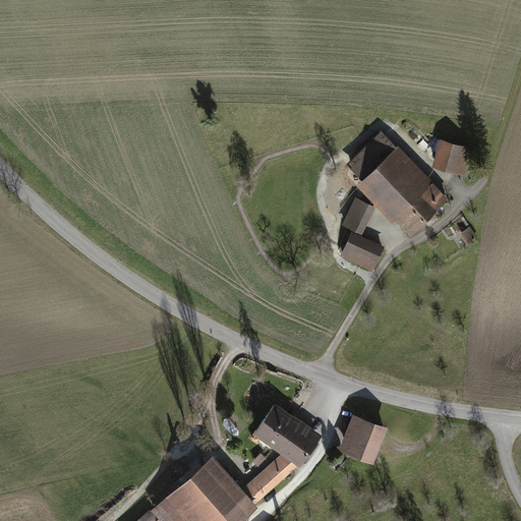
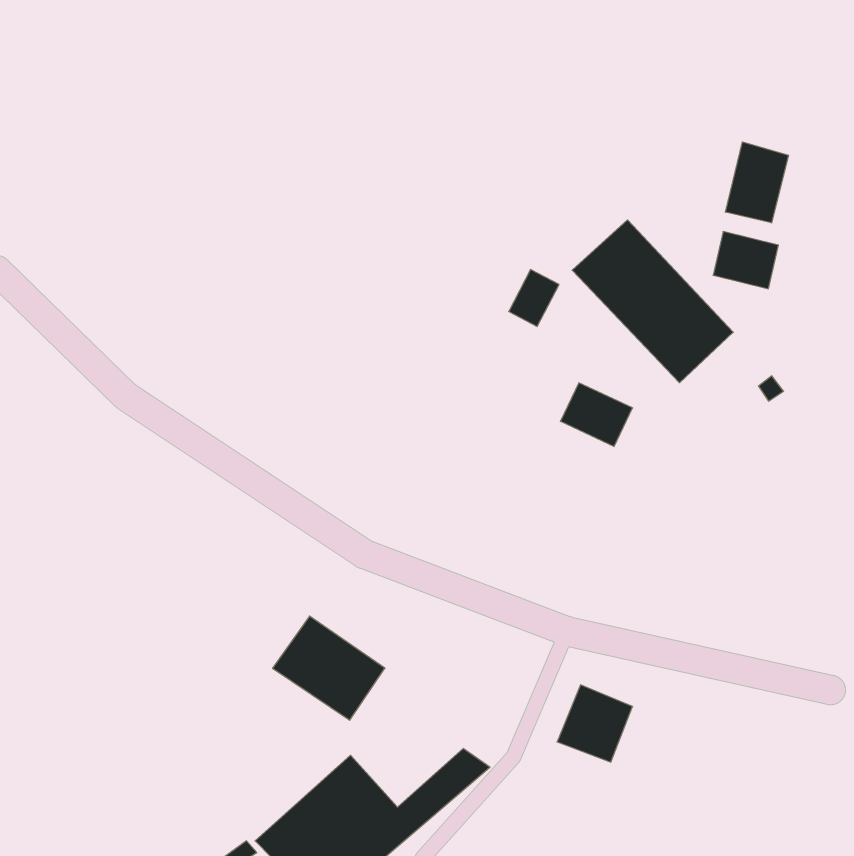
building: none -> [725,142,789,223]
building: [342,199,372,234] -> [509,269,559,326]
building: [253,404,322,467] -> [273,616,385,720]

